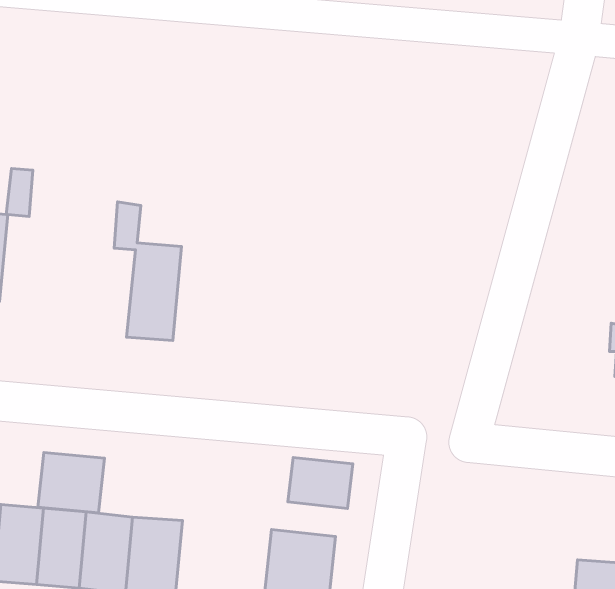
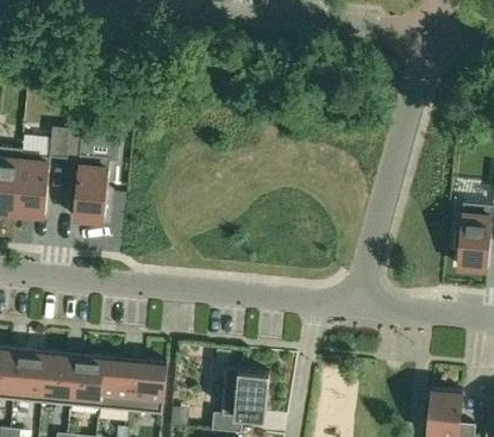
building: [114,202,182,341] -> [64,127,110,220]
building: [38,453,105,513] -> none
building: [288,457,353,508] -> none

